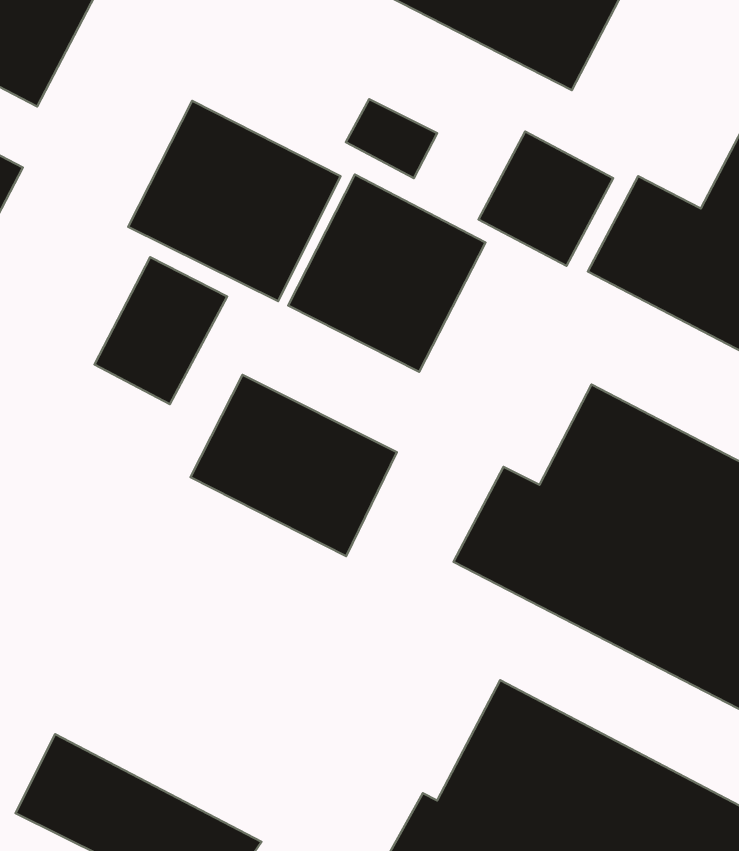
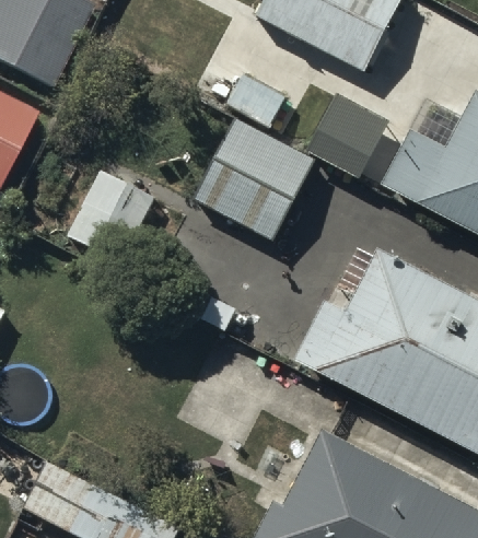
building: [128,101,341,301] -> none
building: [190,375,397,556] -> none

